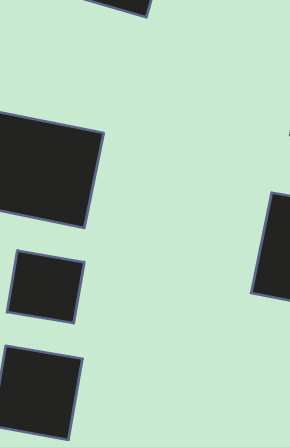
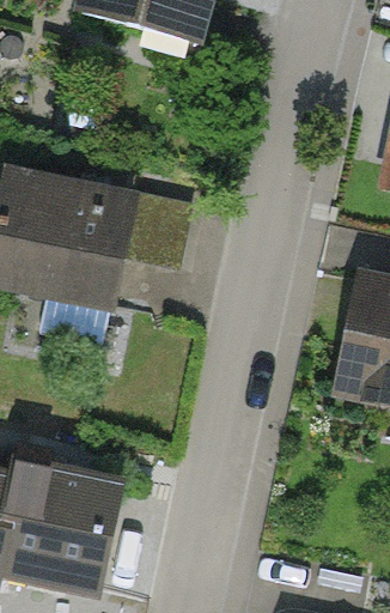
building: [7,250,84,323] -> none

